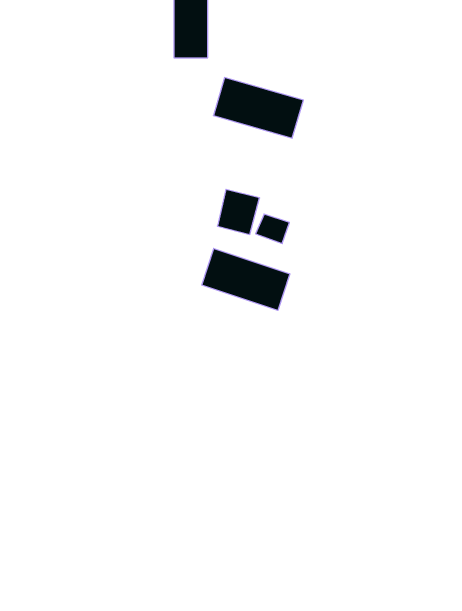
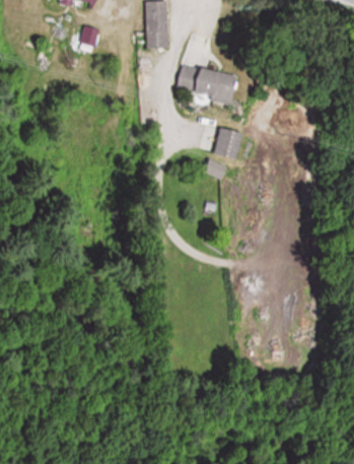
building: [217,189,260,234] -> [213,127,243,159]
building: [202,248,290,310] -> none

